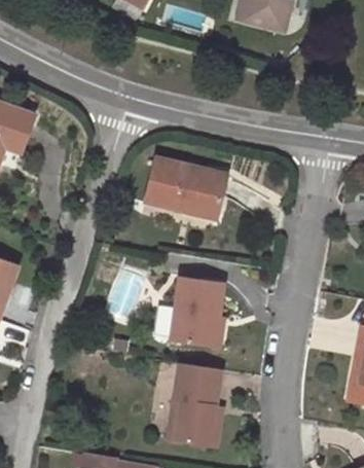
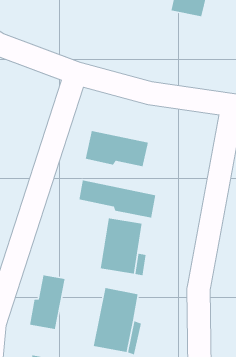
building: none -> [78,180,156,219]
building: none -> [29,275,65,330]

